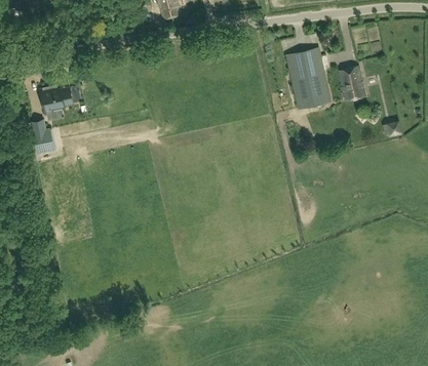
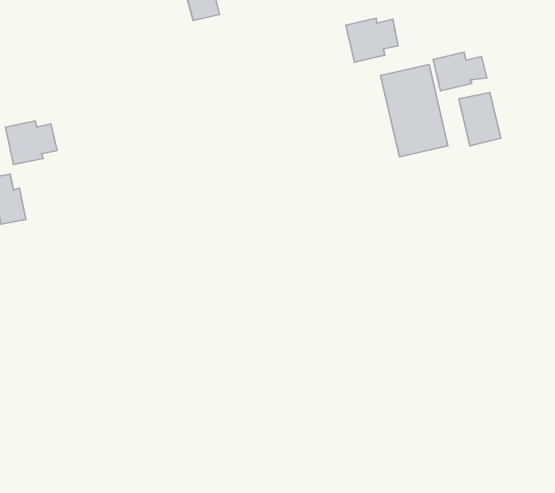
building: none -> [346,18,398,62]
building: none -> [433,52,487,91]

